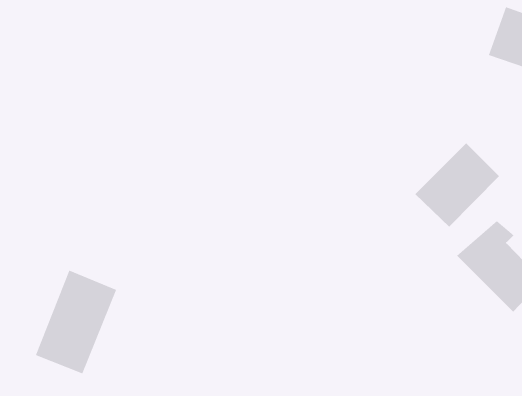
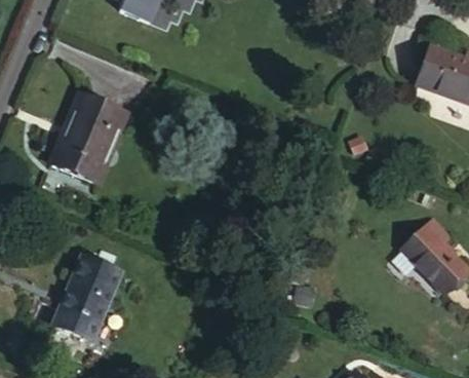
building: none -> [51,93,132,184]
building: [414,143,500,228] -> none

